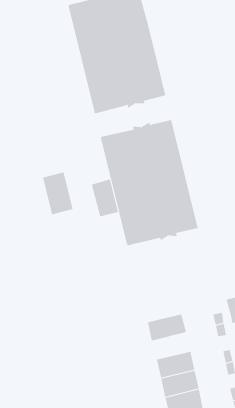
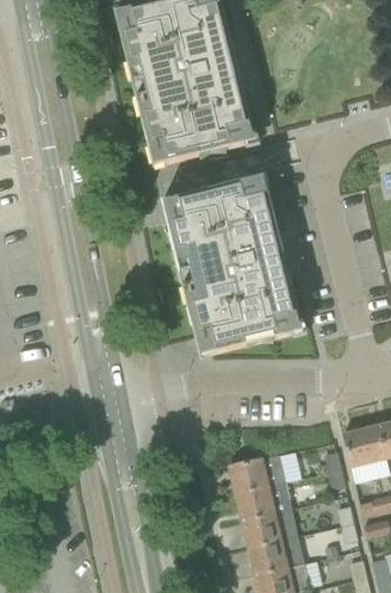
building: [43,171,73,215] -> none
building: [91,179,118,217] -> none
building: none -> [235,479,292,518]

